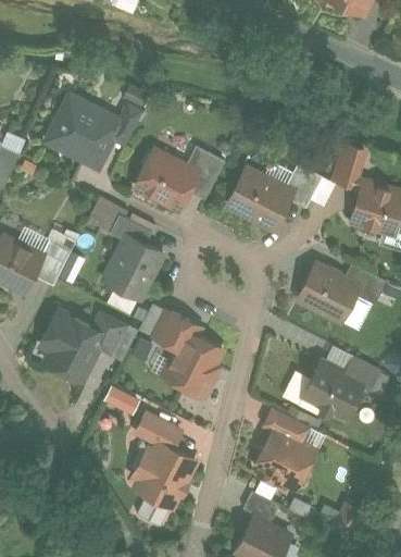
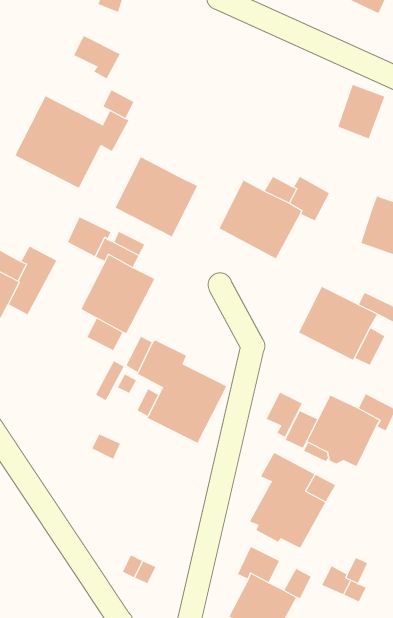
building: none -> [73,35,121,79]
building: [330,143,373,191] -> [337,84,385,139]
building: [189,147,225,177] -> none
building: [35,309,127,386] -> none
building: none -> [266,392,303,438]
building: [122,405,201,506] -> none

